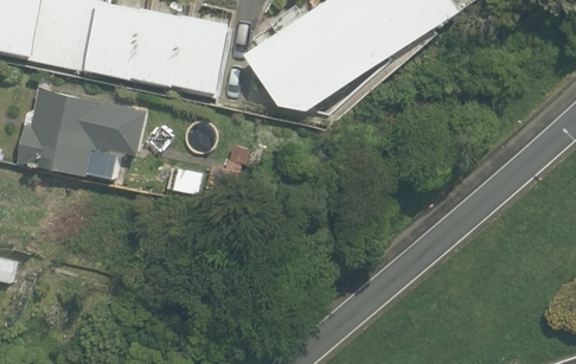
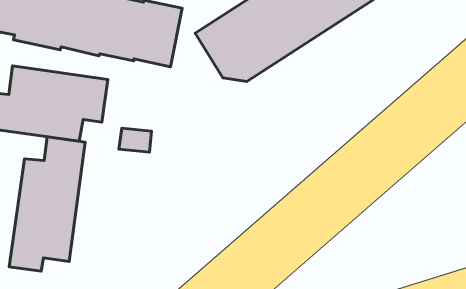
building: none -> [9,137,85,271]

